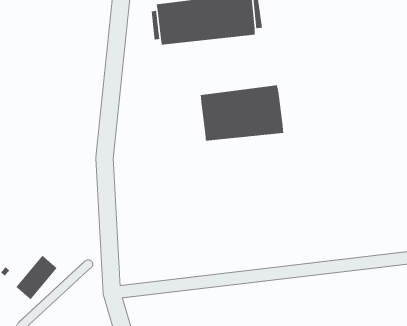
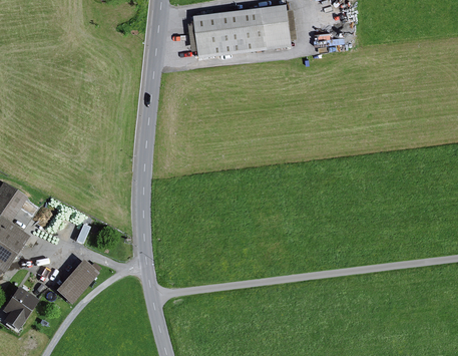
building: [200,85,284,141] -> none

